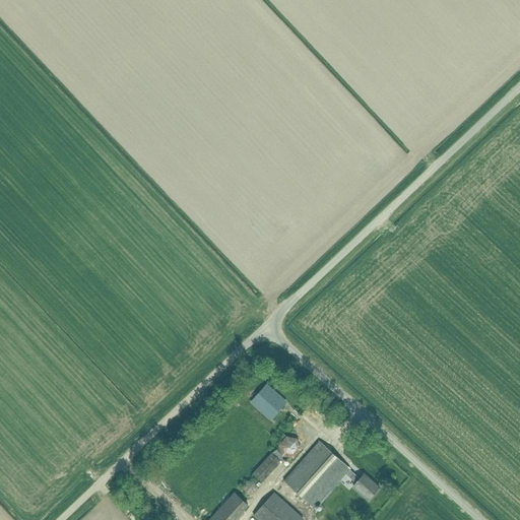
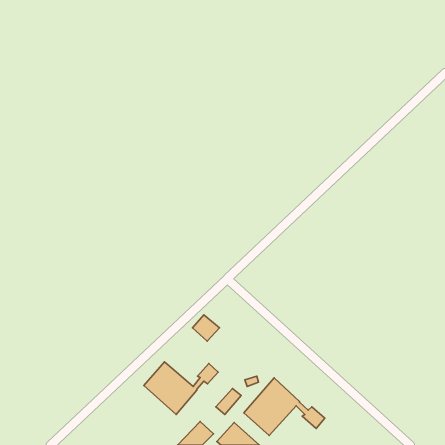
building: [253,387,284,417] -> [192,315,219,341]
building: none -> [144,362,218,415]

